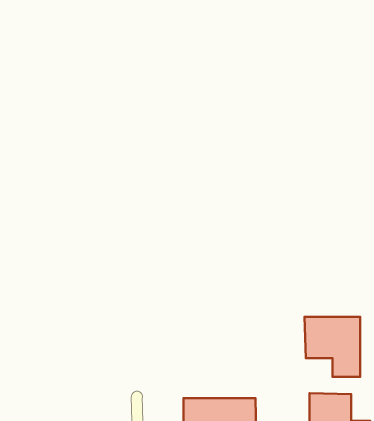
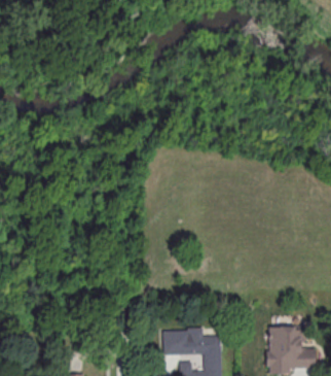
building: [305,317,360,377] -> none

